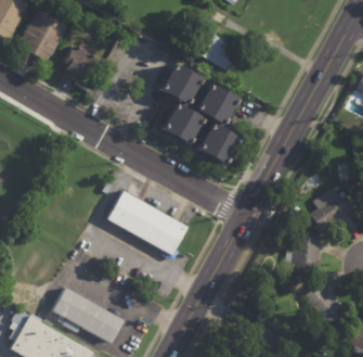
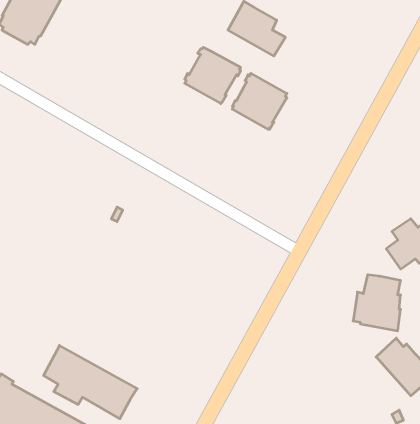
building: [64,50,96,82] -> none
building: [160,102,202,144] -> none
building: [197,122,238,164] -> none
building: [104,190,189,259] -> none

